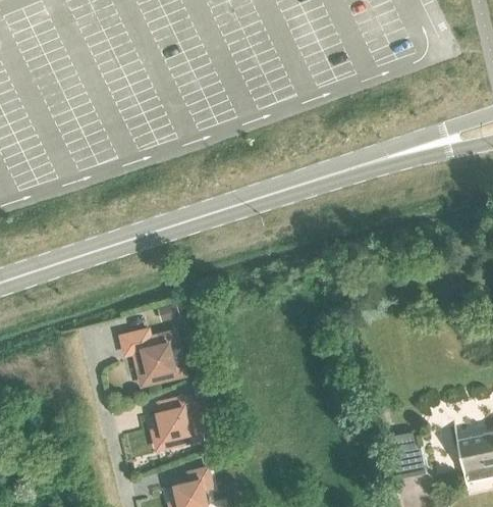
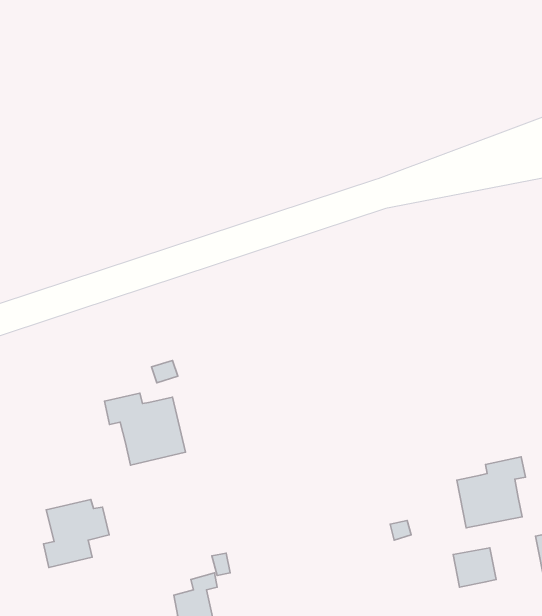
building: none -> [457,457,525,528]
building: [152,395,203,448] -> [44,499,109,568]

